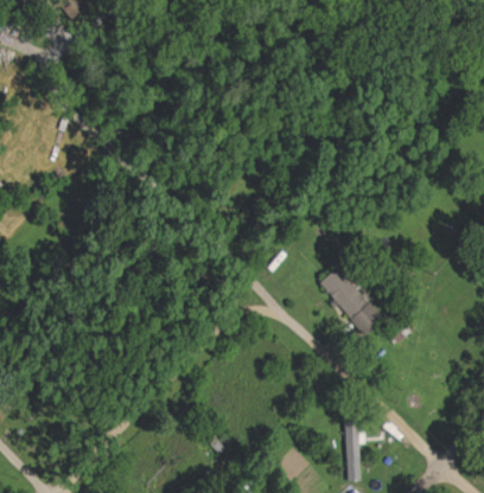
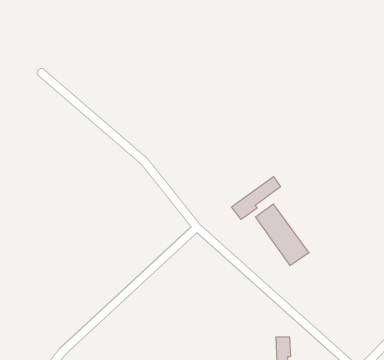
building: none -> [231,176,280,219]

